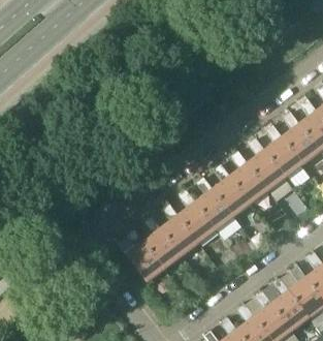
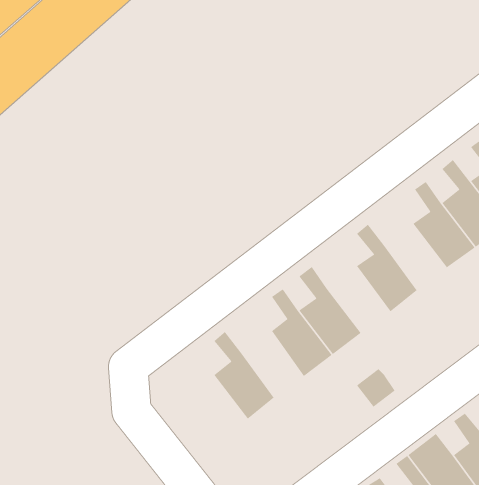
building: [249,138,286,191] -> none
building: [214,164,252,217] -> none
building: [162,204,199,256] -> none
building: [127,229,165,283] -> none

